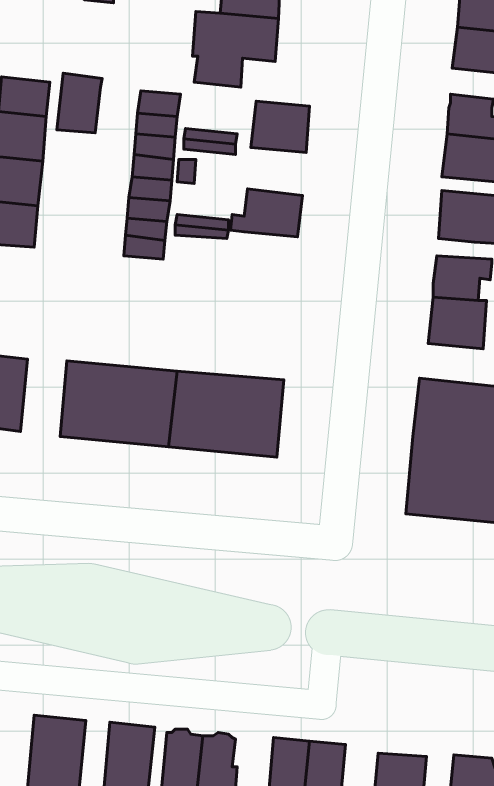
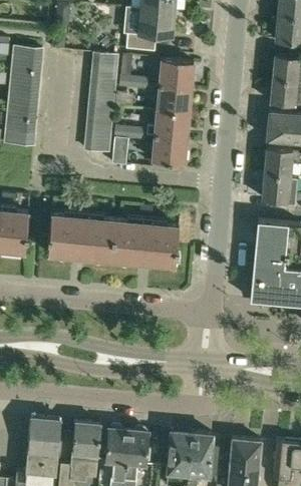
building: [57,73,102,133] -> none
building: none -> [157,87,191,115]
building: none -> [152,136,186,165]

